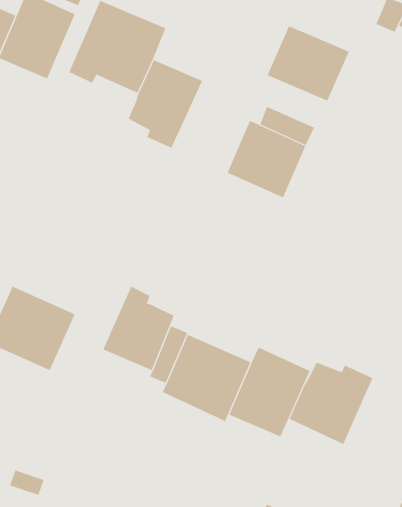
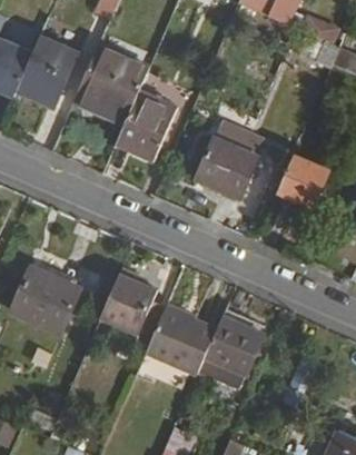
building: [267,26,350,101] -> none
building: none -> [277,154,327,206]
building: [289,362,373,445] -> none

